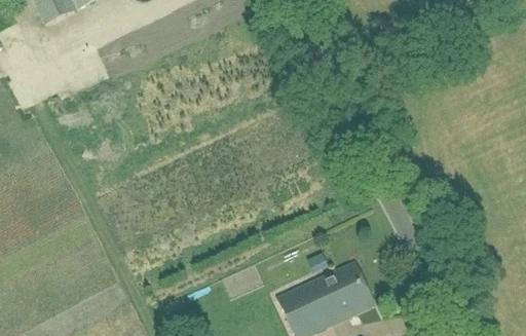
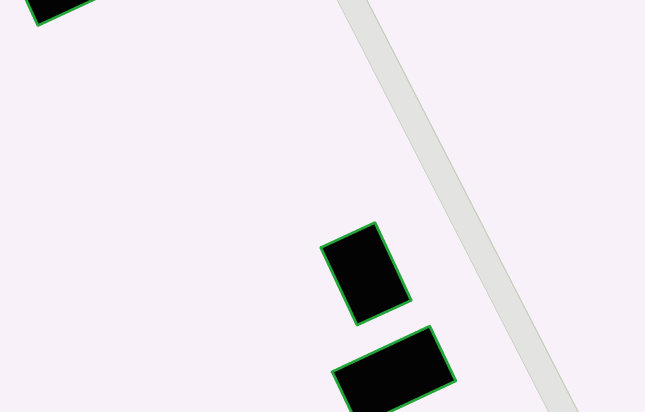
building: none -> [321,223,411,325]

